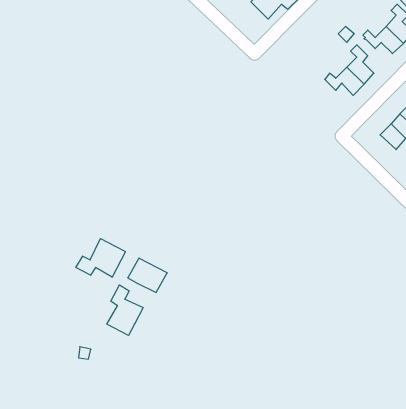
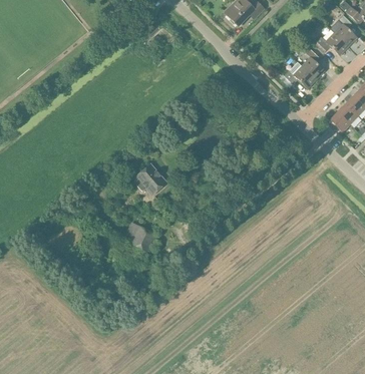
building: none -> [134,163,164,195]
building: [76,239,125,277] -> none
building: [107,285,143,335] -> none

